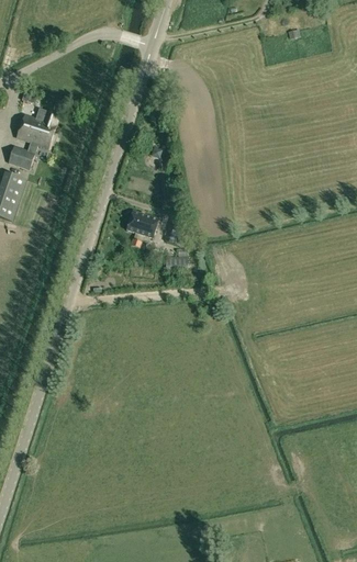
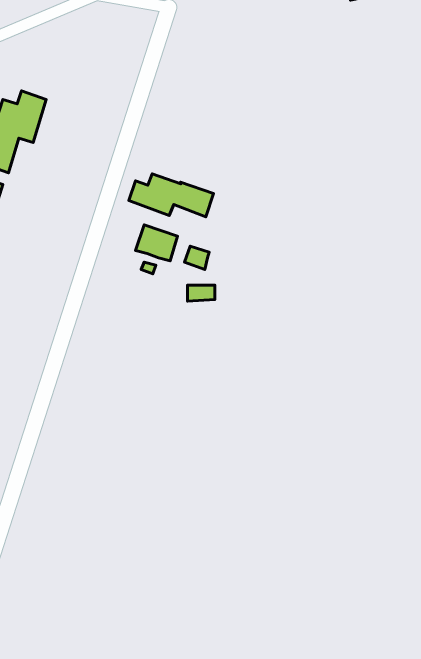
building: none -> [129,174,213,217]

